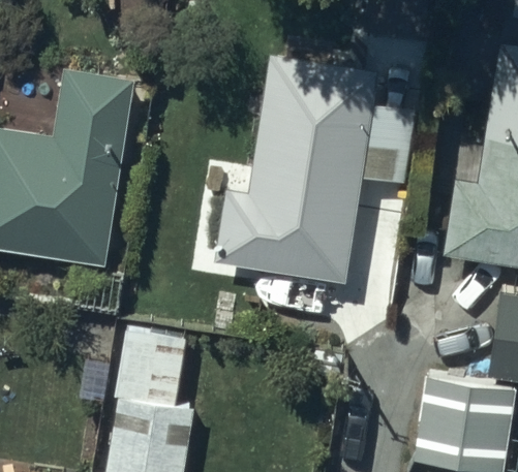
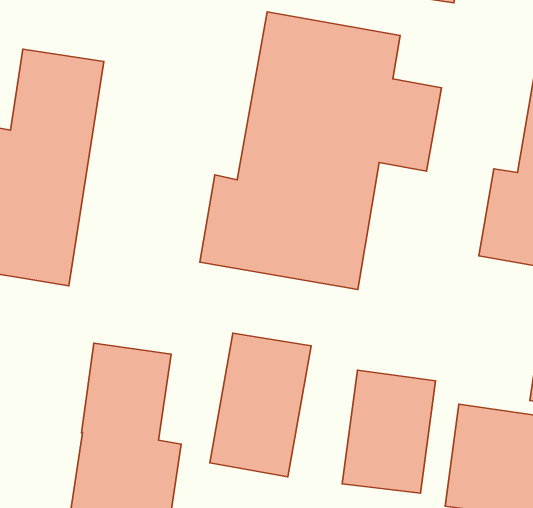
building: none -> [210,333,311,477]
building: none -> [342,370,436,493]

